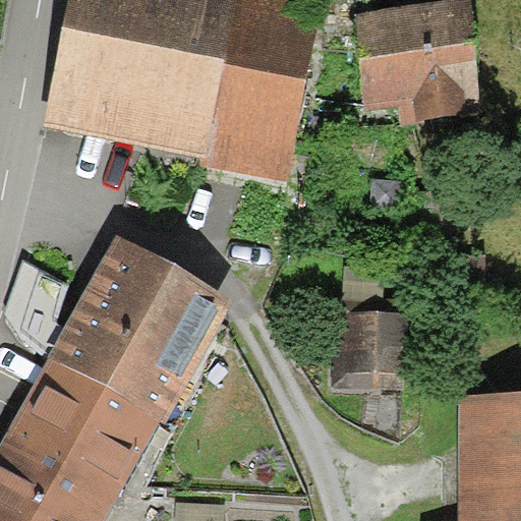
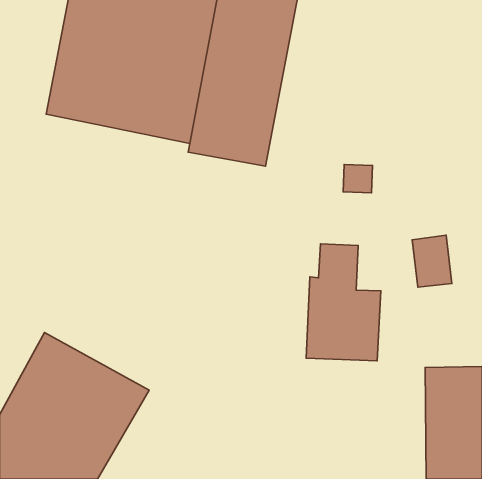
building: [354,4,482,125] -> none
building: [48,236,233,423] -> none

